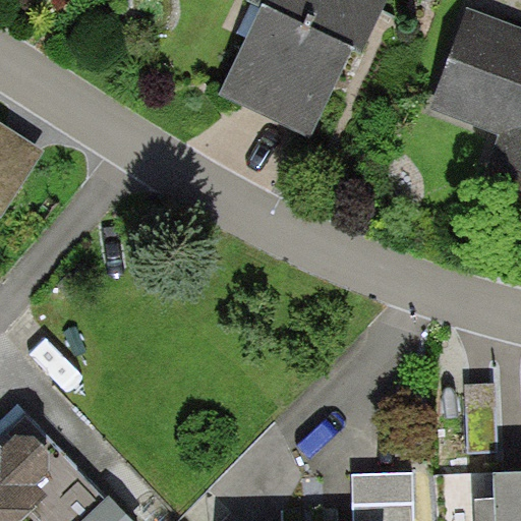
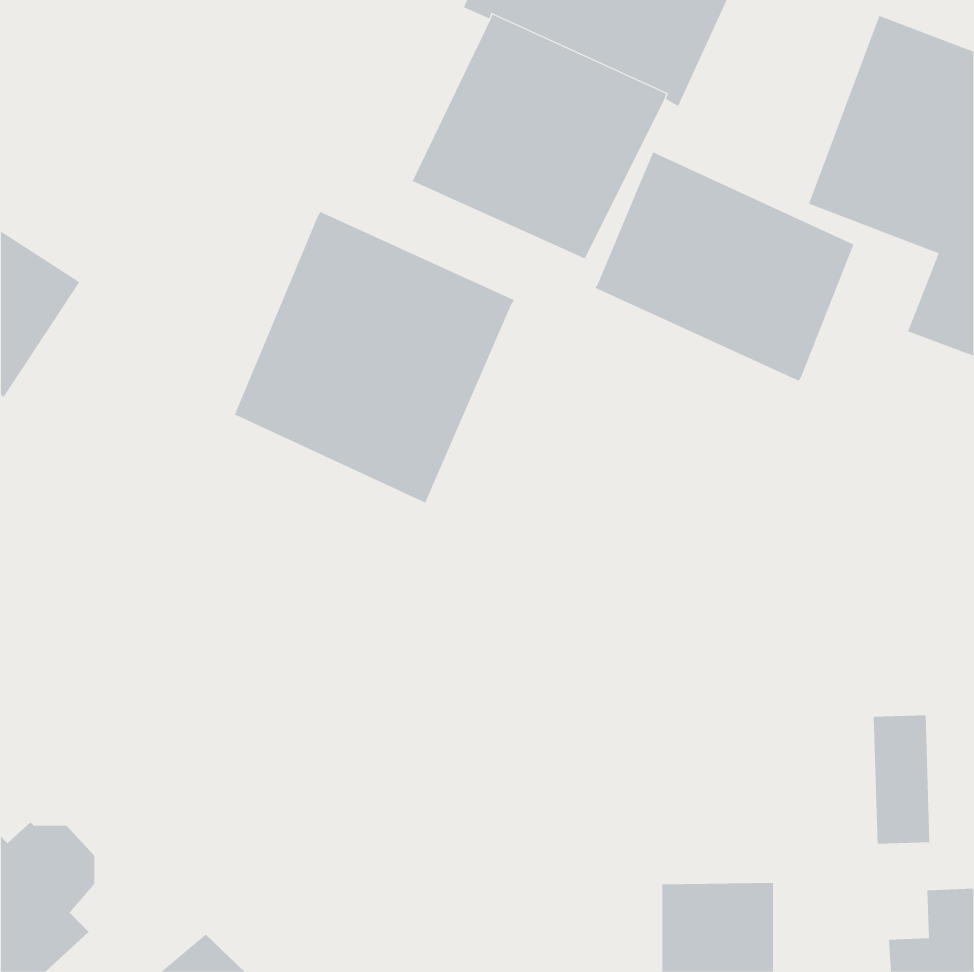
building: none -> [594,151,854,381]
building: none -> [234,211,515,504]

